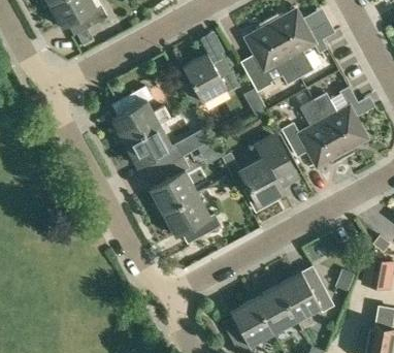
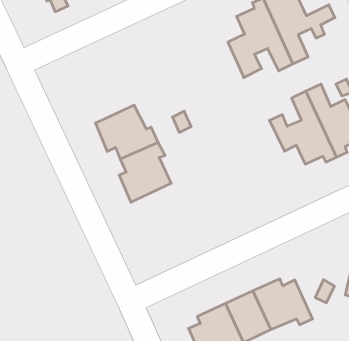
building: [174,53,239,106] -> none
building: [111,87,170,142] -> none
building: [223,136,299,213] -> none
building: [162,192,221,244] -> none

